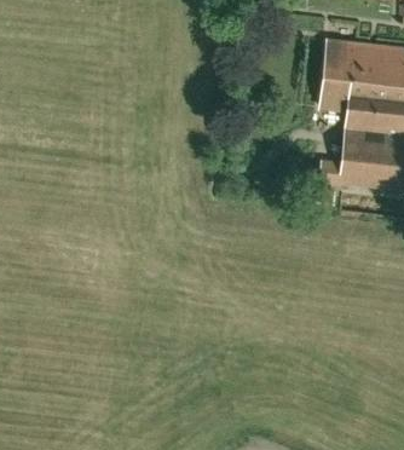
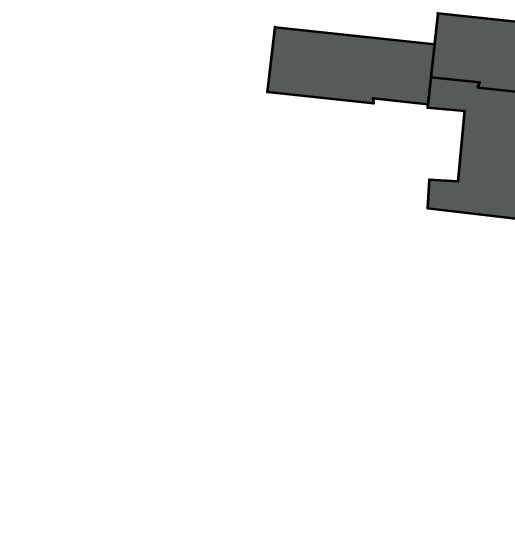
building: none -> [267,27,434,104]

